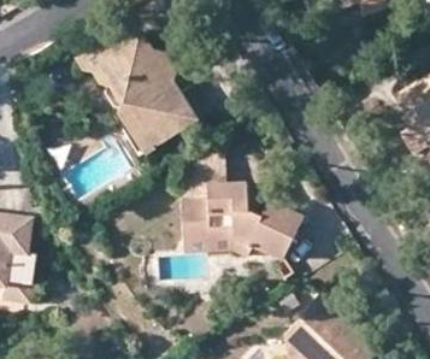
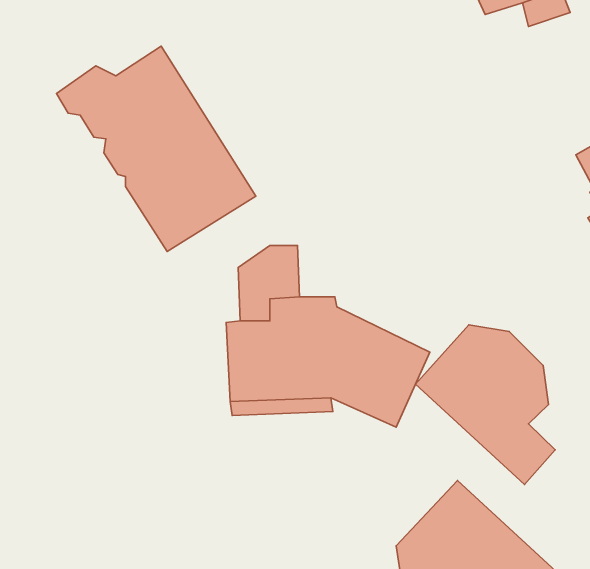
building: none -> [415,325,555,484]

